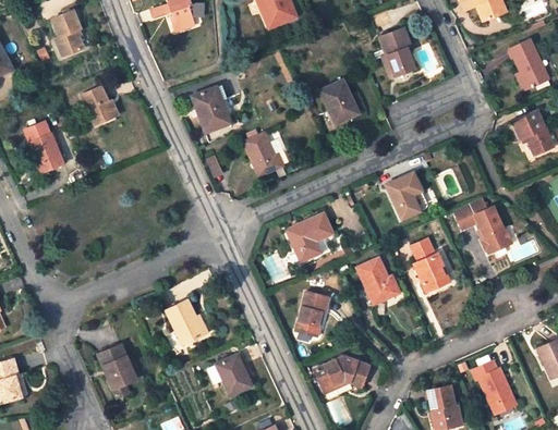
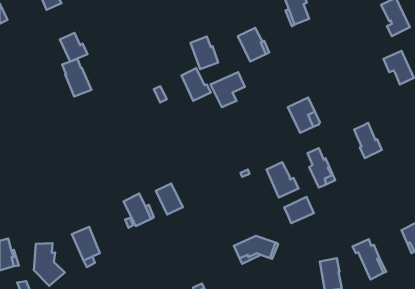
building: [193,87,230,131] -> [190,36,218,69]
building: [25,122,64,172] -> [62,59,91,96]
building: [453,198,486,230] -> none
building: [287,213,332,260] -> [210,72,245,107]
building: [295,292,328,334] -> none
building: none -> [284,197,314,223]
building: [216,354,252,395] -> [156,183,183,215]
building: none -> [34,243,65,286]

